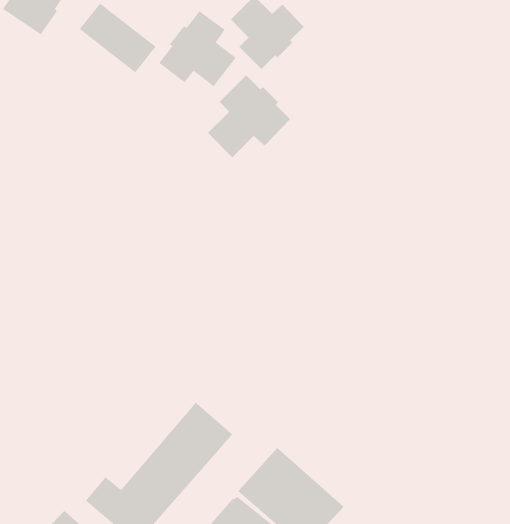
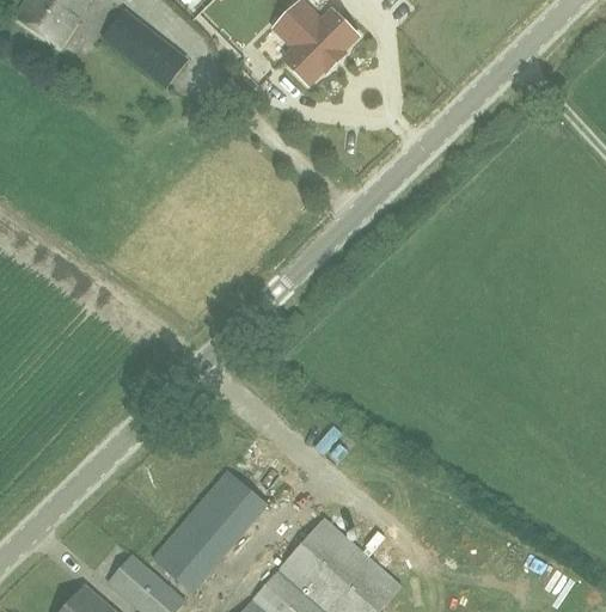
building: [159,10,236,87] -> none
building: [207,74,291,158] -> none

